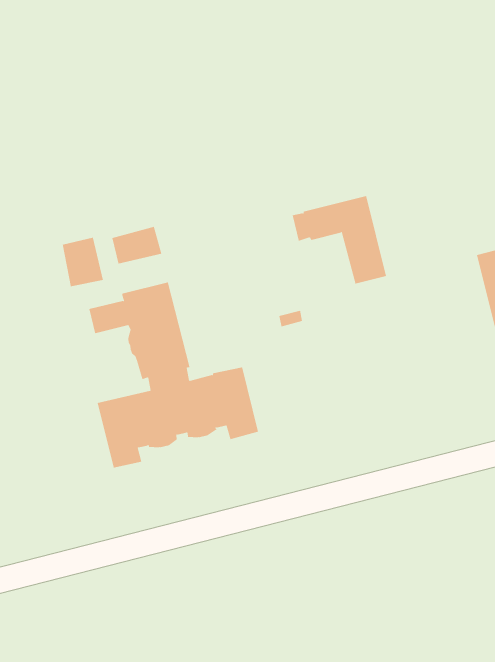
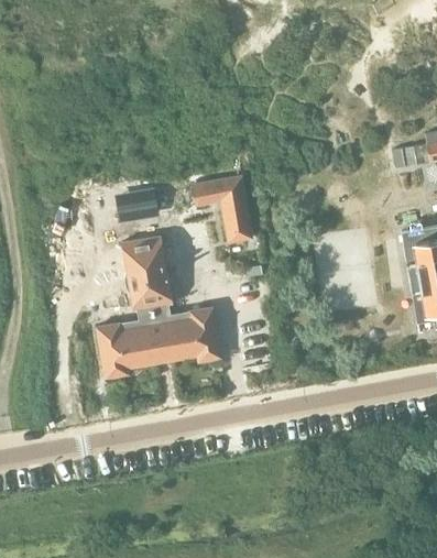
building: [292,196,387,284] -> [184,175,254,243]
building: [62,237,104,287] -> none

